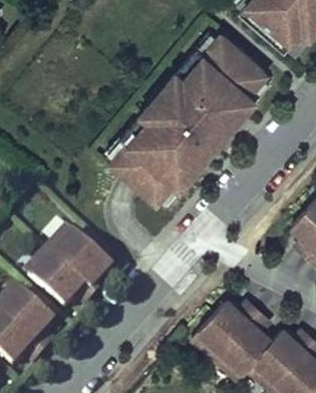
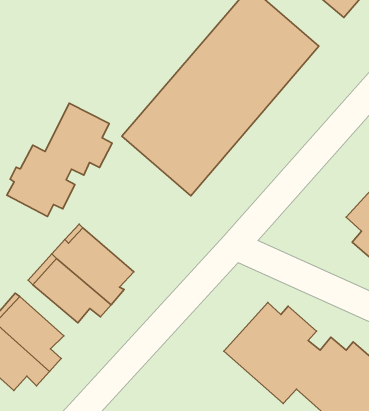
building: none -> [7,103,112,216]

